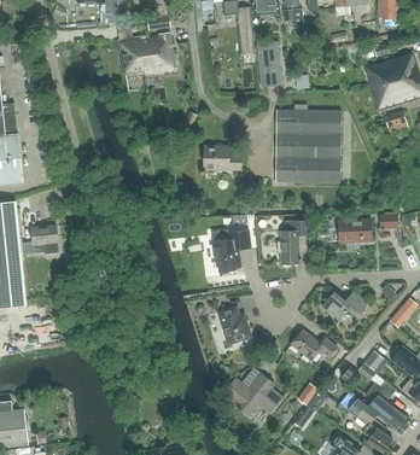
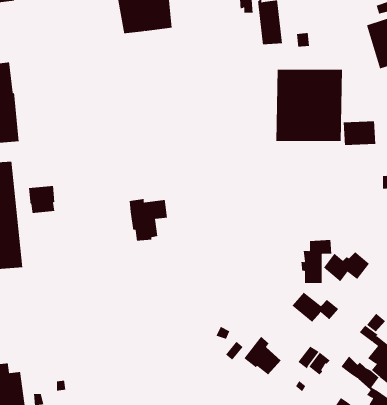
building: [205,146,241,169] -> none
building: [339,218,372,243] -> [343,121,376,145]
building: [278,220,309,263] -> [300,240,332,284]
building: [212,228,251,270] -> [129,198,168,241]
building: [217,304,252,344] -> none

